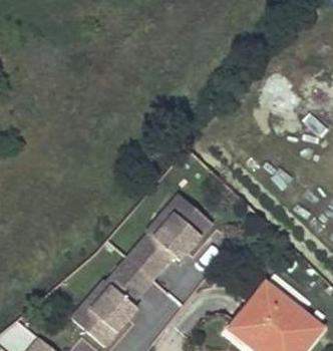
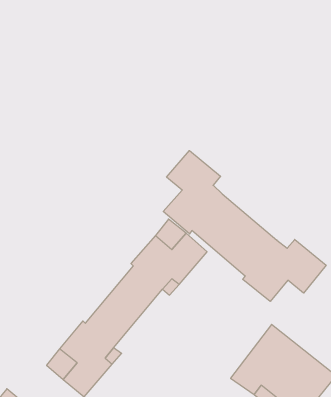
building: none -> [163,151,326,301]

